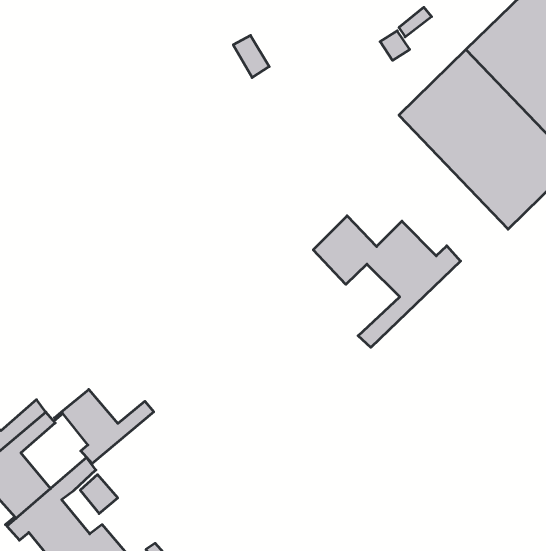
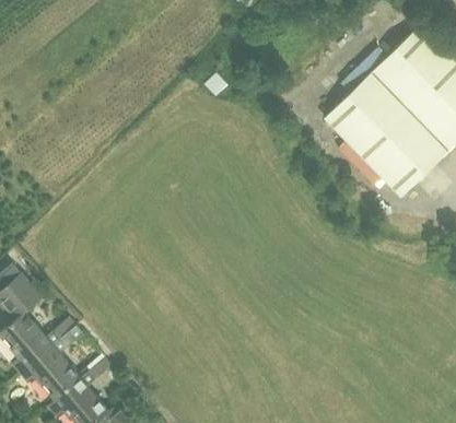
building: [313,216,461,347] -> none
building: [54,389,154,464] -> none

